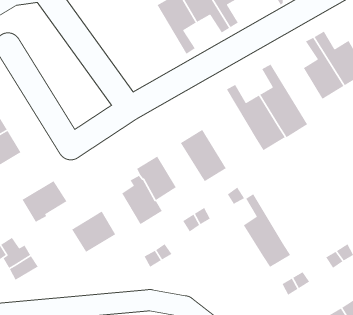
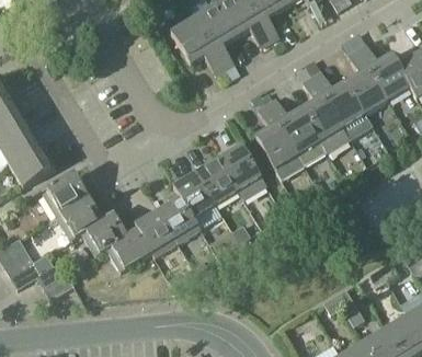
building: none -> [171,16,225,73]
building: none -> [311,70,372,139]
building: none -> [195,158,238,204]
building: none -> [42,173,89,216]
building: none -> [135,209,178,256]
building: [243,193,291,268] -> [254,103,304,180]
building: none -> [81,211,128,255]

